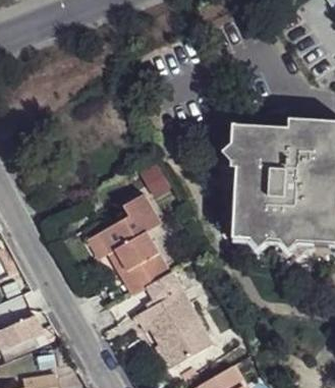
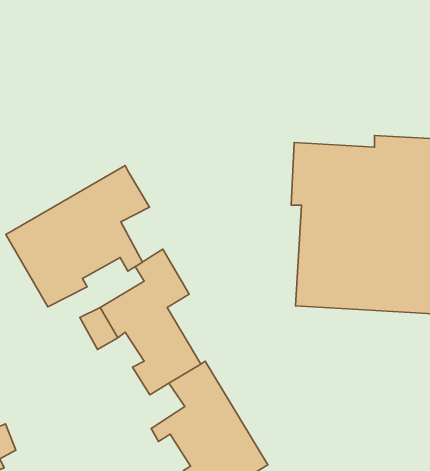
building: none -> [6,165,150,307]

